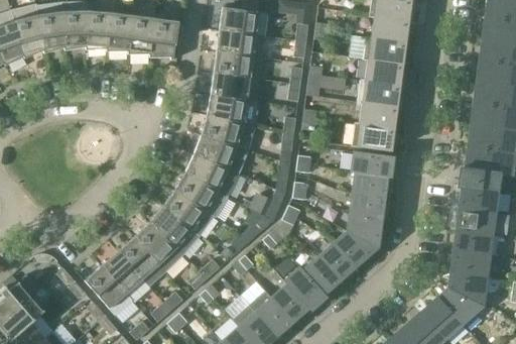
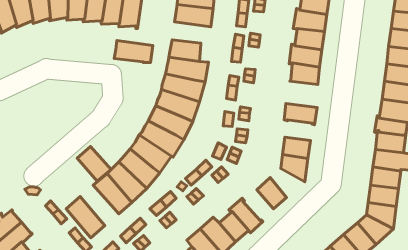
building: [215,50,262,78] -> [114,40,153,63]
building: [352,121,393,150] -> none
building: [353,170,386,196] -> none
building: [335,230,377,265] -> none
building: [102,250,143,293] -> [77,147,111,181]
building: [301,256,339,294] -> none

